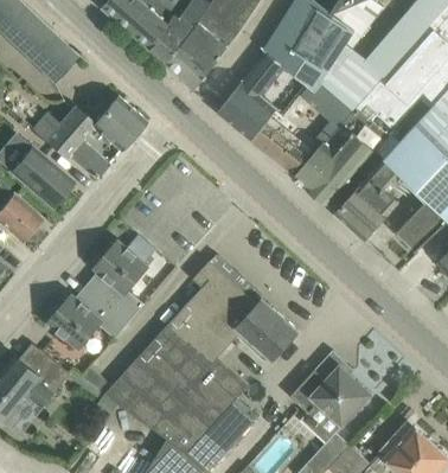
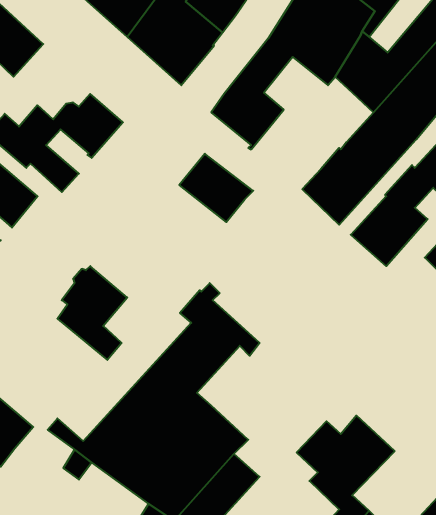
building: [305,96,353,138] -> none
building: [251,117,313,174] -> [179,154,253,222]
building: [47,285,132,349] -> none
building: [206,300,297,359] -> none

